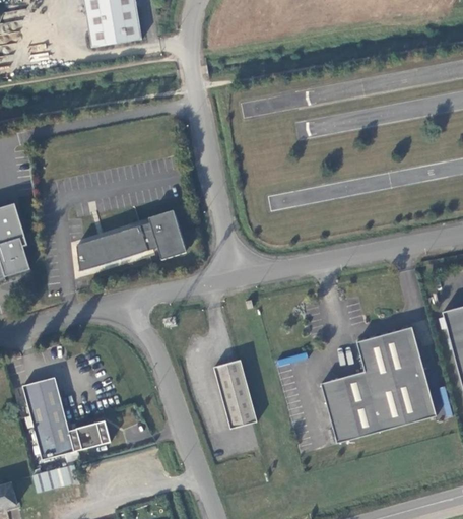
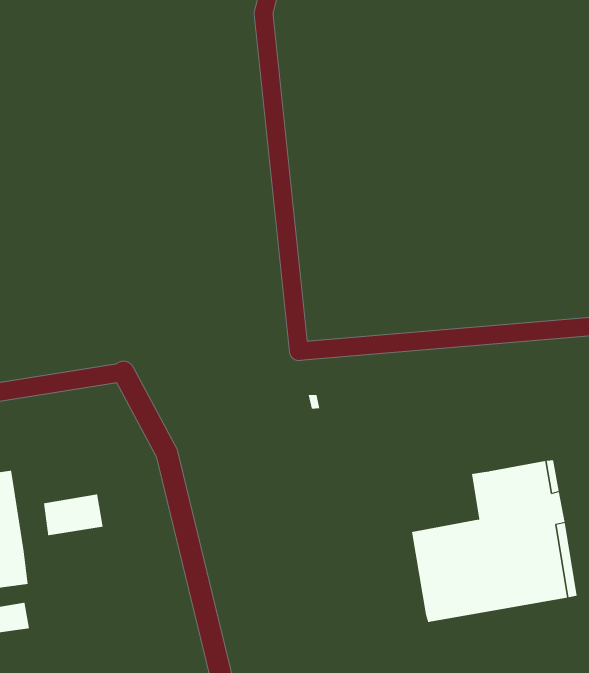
building: [77,208,187,270] -> none
building: [211,360,255,429] -> none
building: [69,416,111,448] -> [43,494,104,536]

